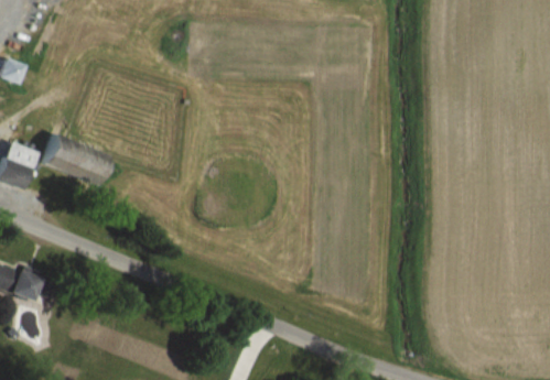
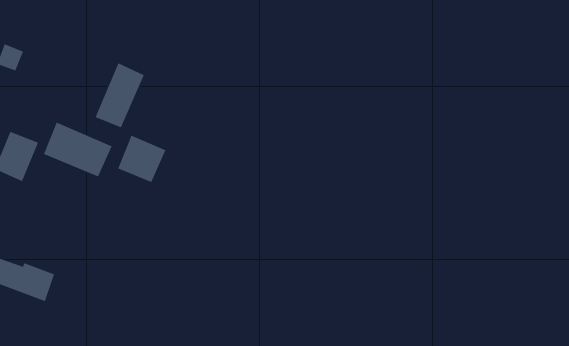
building: none -> [95,62,145,128]
building: none -> [117,135,166,183]

